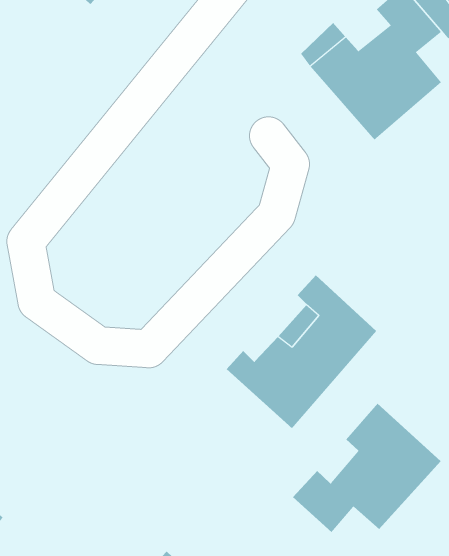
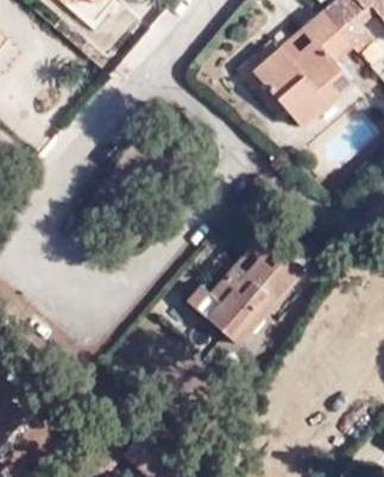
building: [292,403,441,533] -> none

